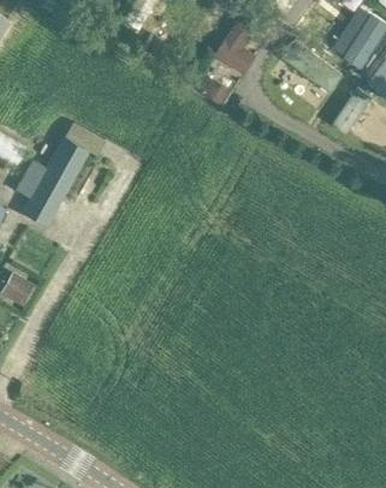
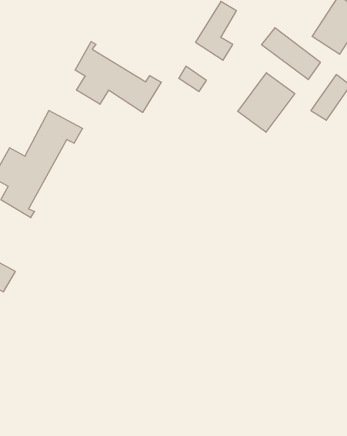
building: none -> [75,42,161,112]
building: none -> [238,73,295,132]

